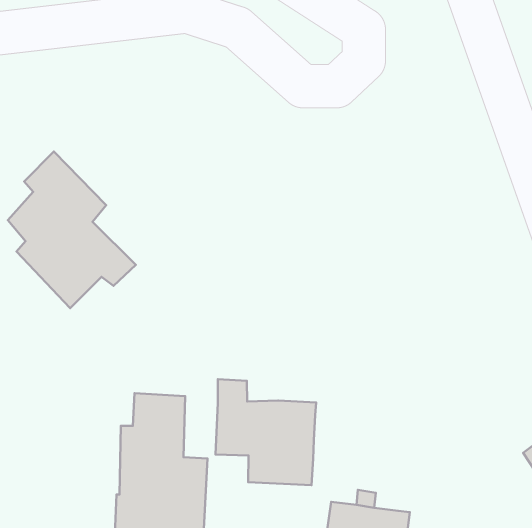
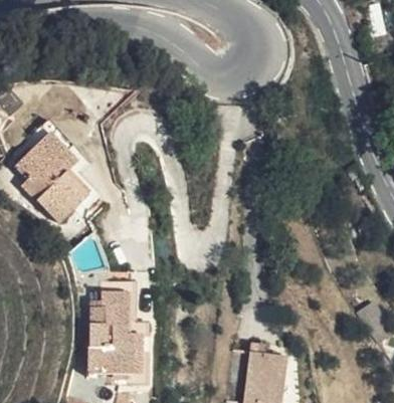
building: [216,379,316,485] -> none

